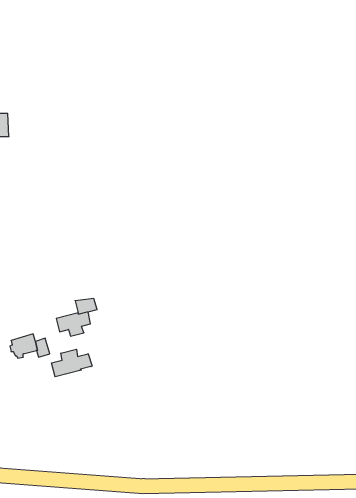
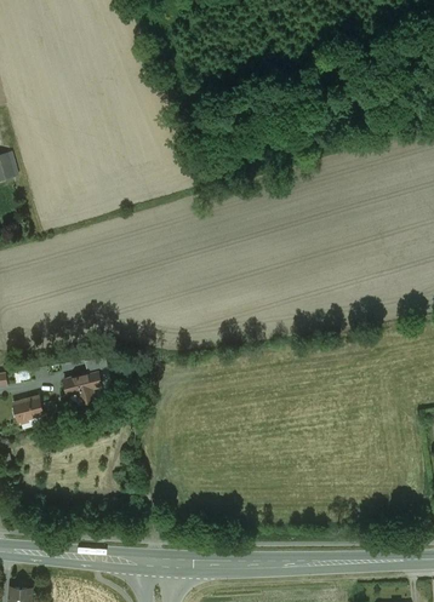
building: [52,349,92,377] -> none

